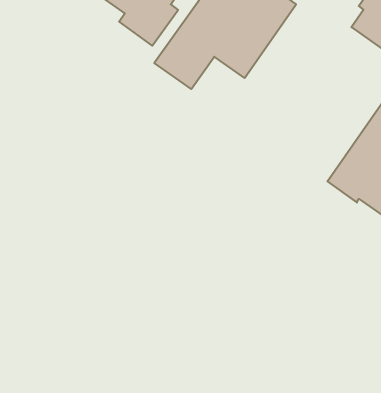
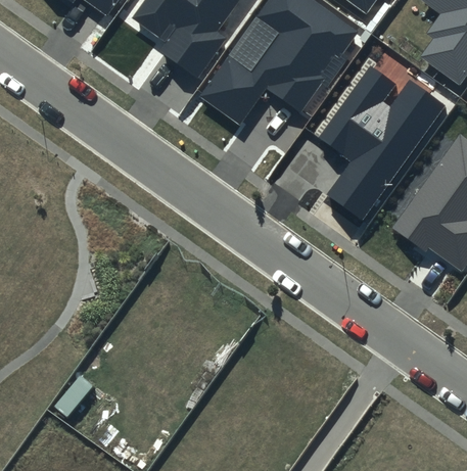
building: none -> [319,64,445,221]

